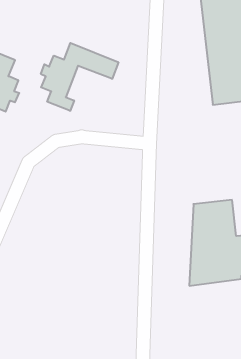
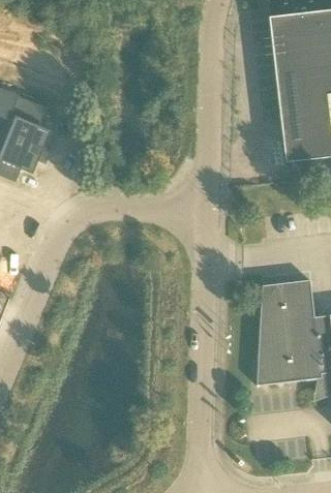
building: [41,43,118,111] -> none

